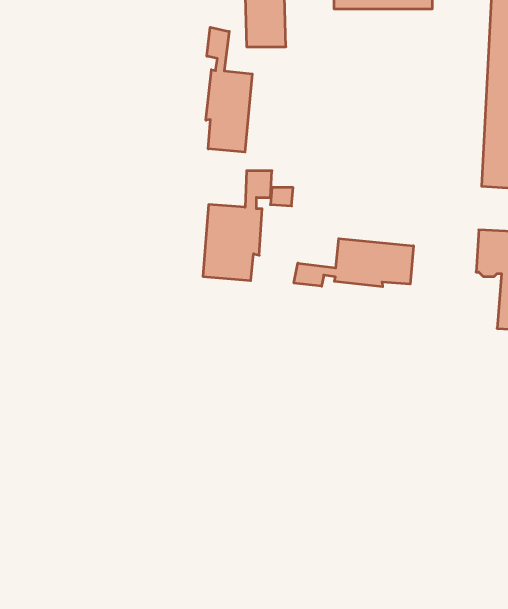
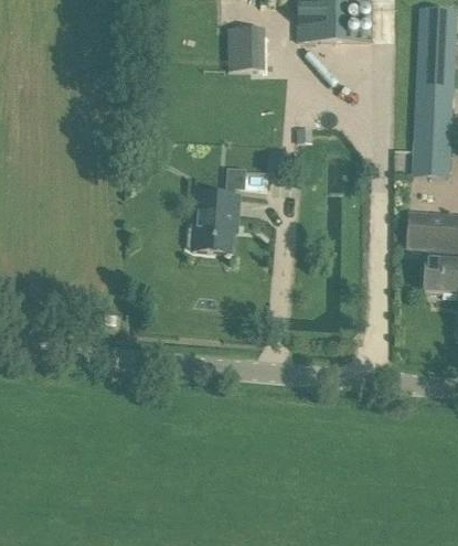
building: [206,27,252,152] -> none
building: [294,239,413,287] -> none

